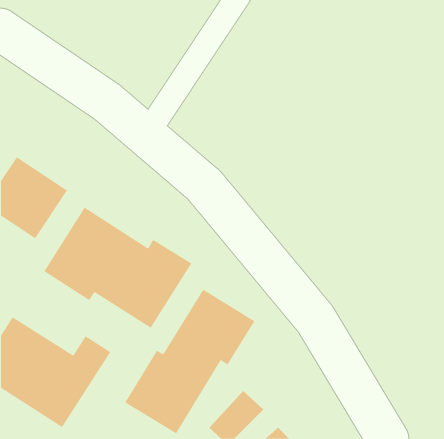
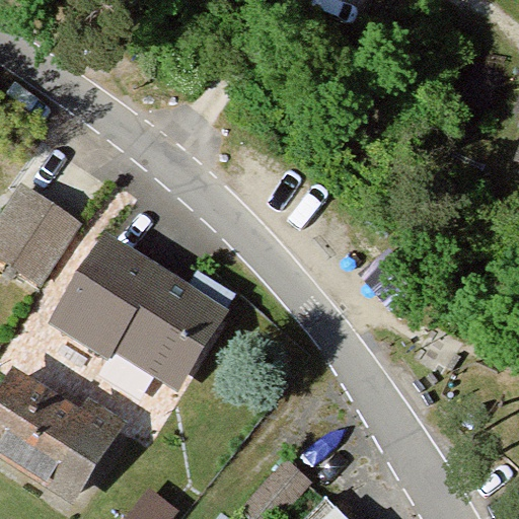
building: [124,289,255,434] -> none

